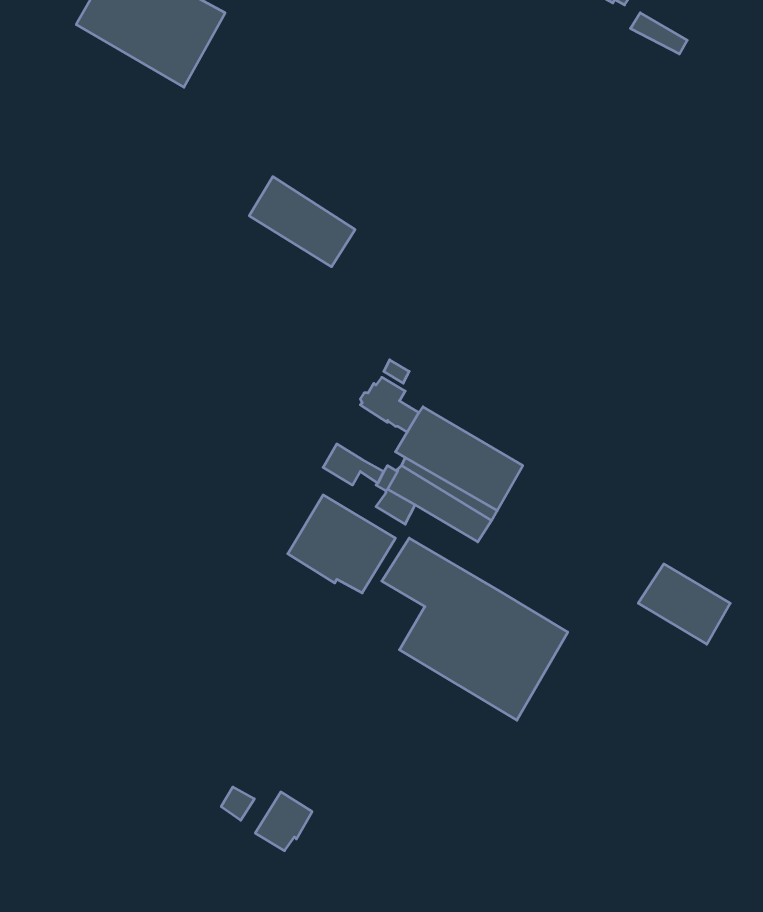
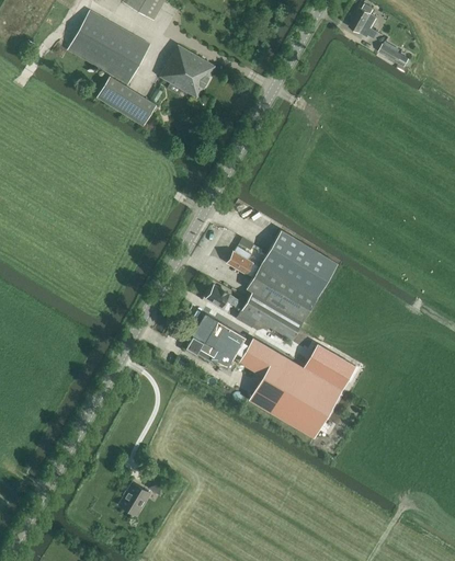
building: none -> [159,43,215,96]
building: [249,177,355,267] -> [96,75,156,125]
building: none -> [261,228,338,296]
building: [638,564,730,644] -> [304,344,355,389]
building: [255,792,312,851] -> [117,481,149,514]

